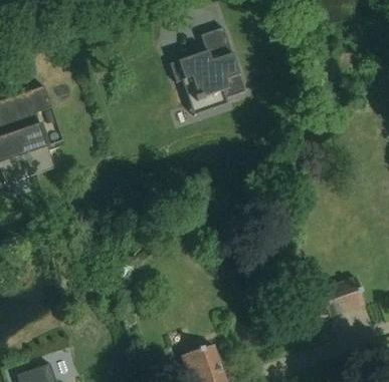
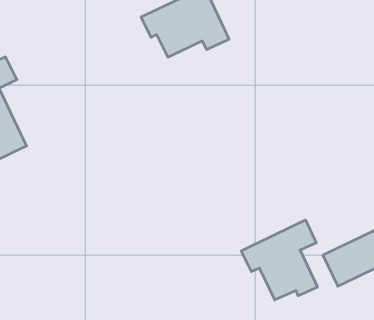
building: none -> [241,220,317,300]

